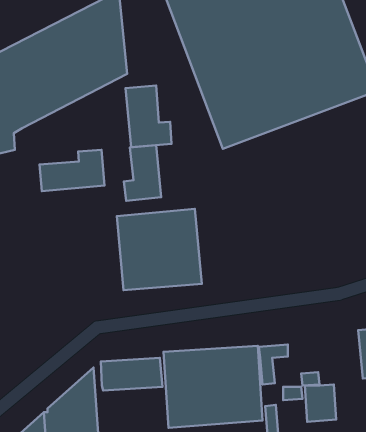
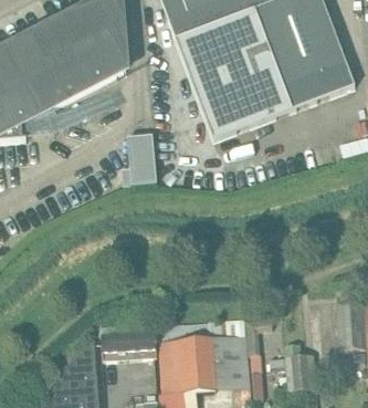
building: [126,85,172,147] -> none
building: [39,150,104,191] -> none
building: [117,209,202,290] -> none

